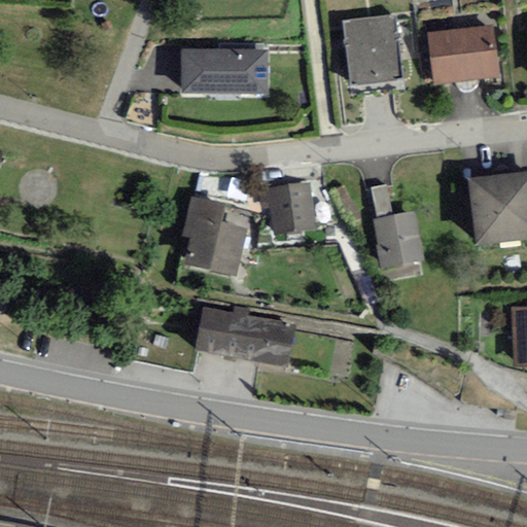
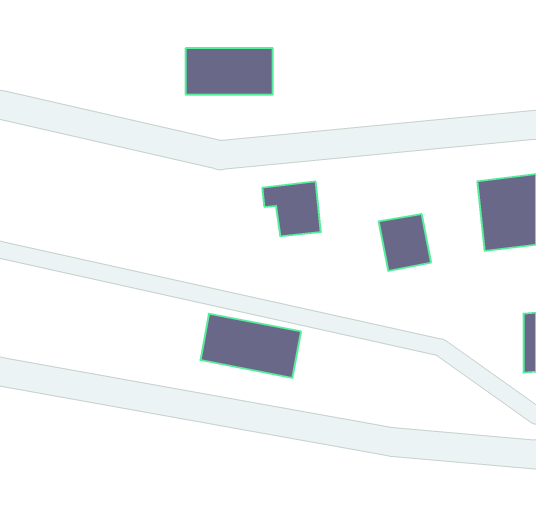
building: [343,11,402,84] -> none
building: [427,23,499,83] -> none
building: [176,195,247,276] -> none

